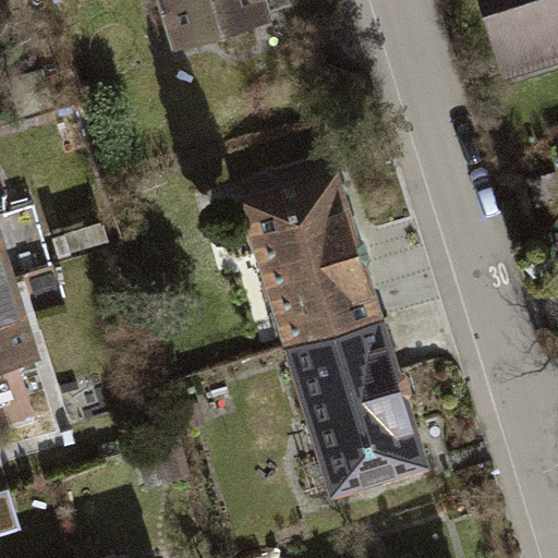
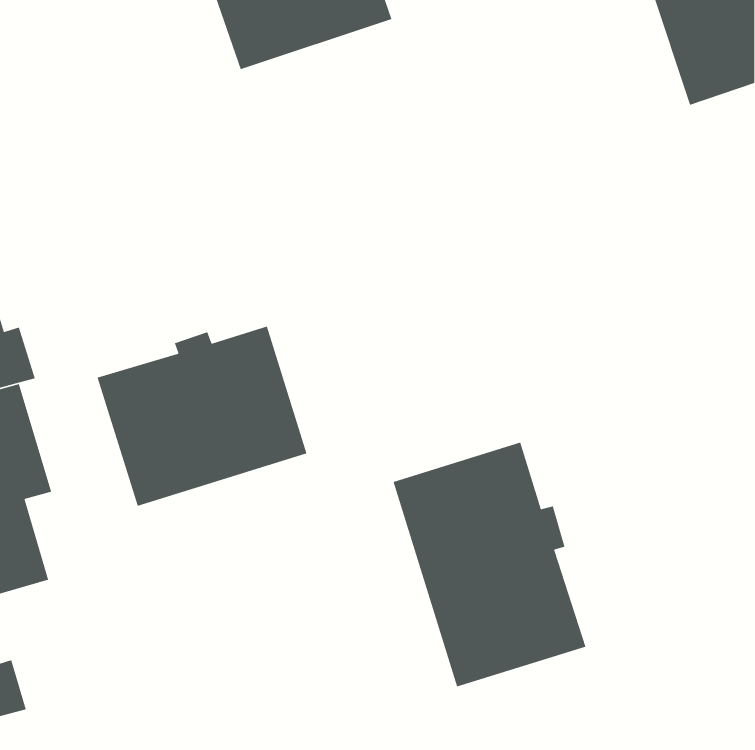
building: [240,172,380,352] -> none
building: none -> [97,325,307,507]

